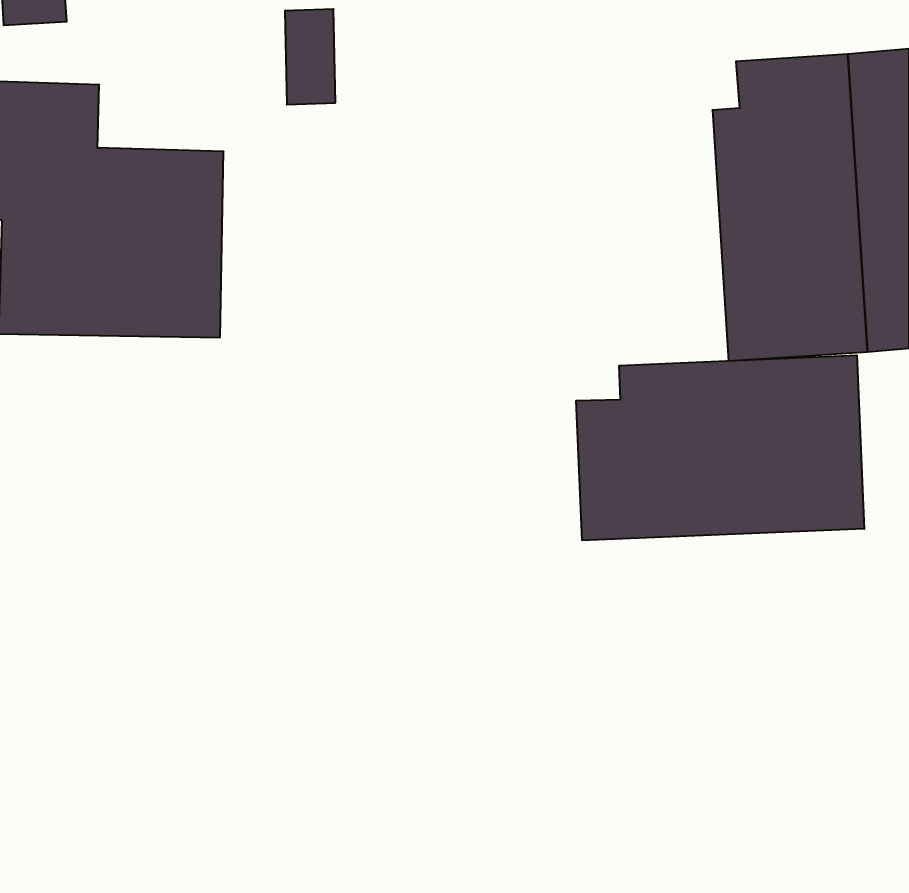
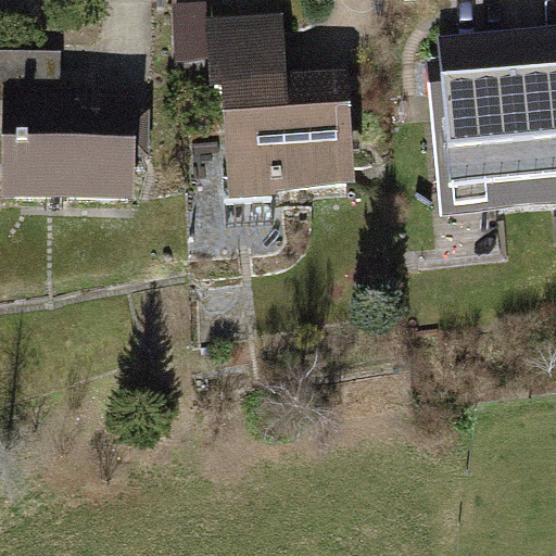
building: none -> [208,13,354,227]
building: [576,355,864,540] -> none

